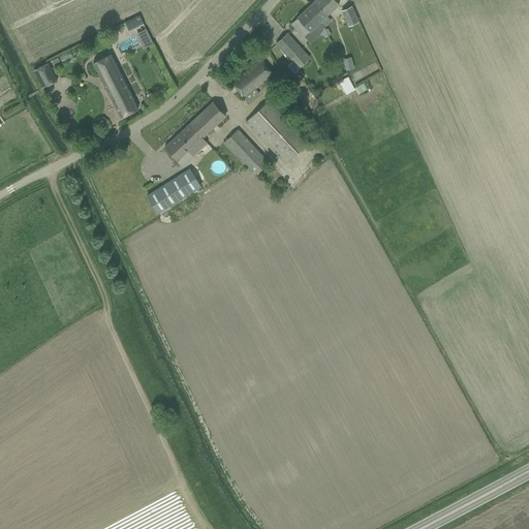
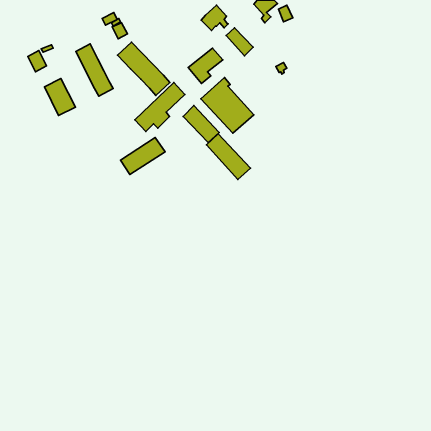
building: [292,5,325,36] -> [201,5,228,30]
building: none -> [117,42,170,95]
building: none -> [45,78,76,115]
building: none -> [206,134,251,179]

